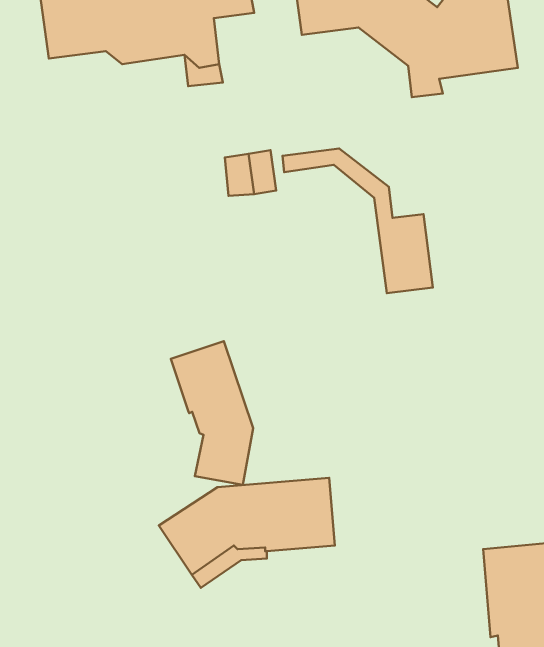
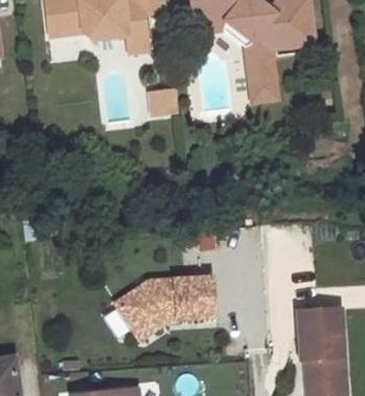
building: [282,148,433,293] -> [195,19,280,100]
building: [171,341,253,485] -> none

